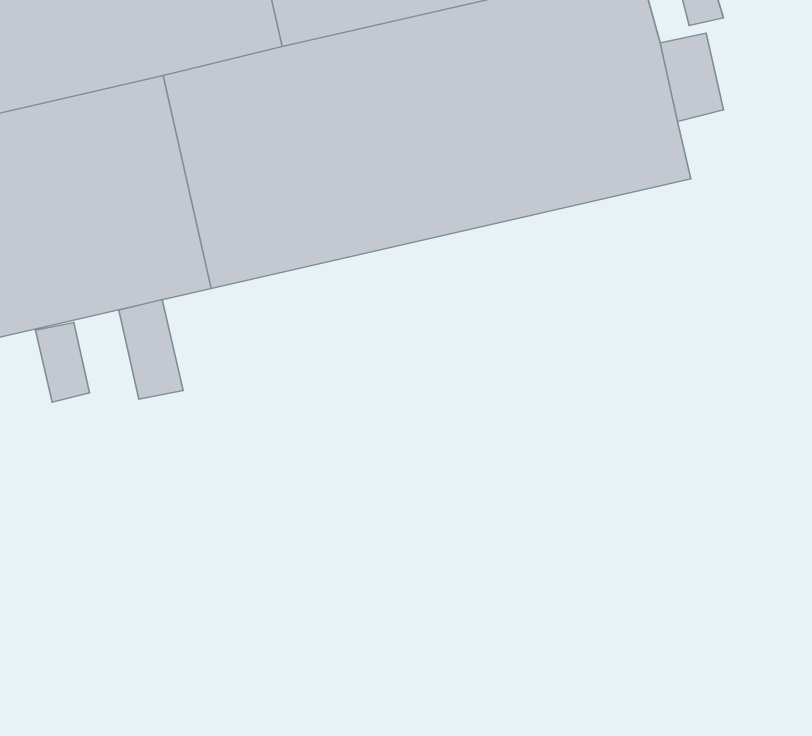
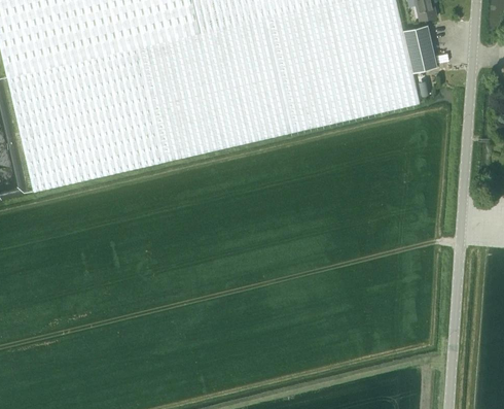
building: [119,300,183,399] -> none
building: [35,323,90,402] -> none

